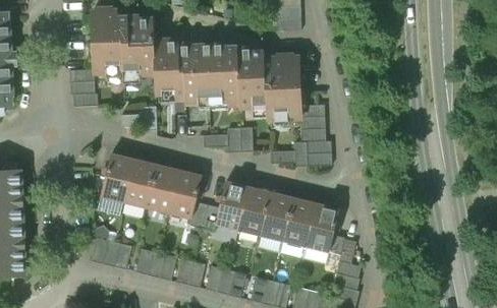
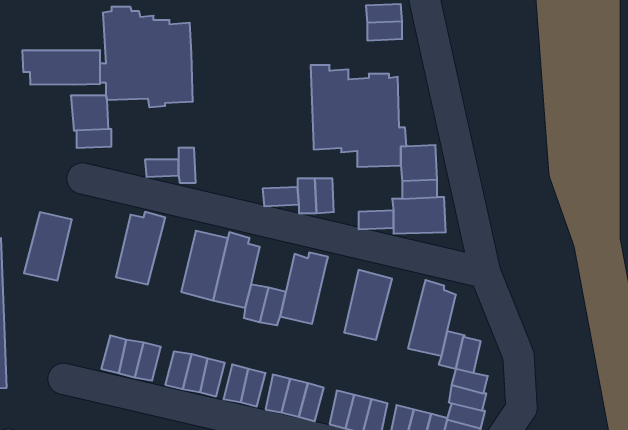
building: none -> [22,50,100,85]
building: [153,39,238,105] -> none
building: [122,159,156,206] -> [24,212,72,281]
building: [237,186,270,235] -> none
building: [282,197,316,246] -> none

